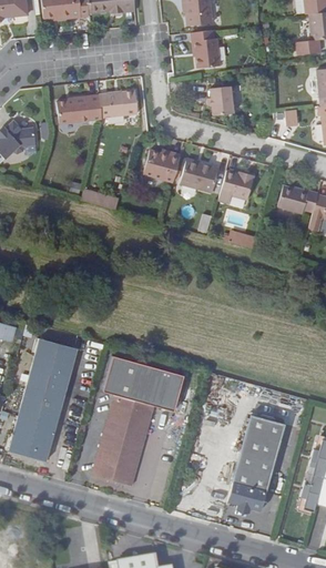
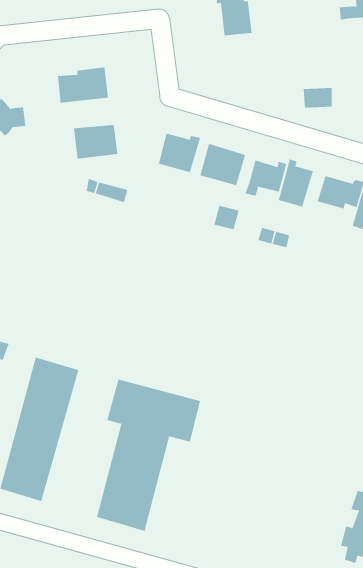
building: [211,83,234,113] -> none
building: [99,88,137,118] -> [73,124,118,159]
building: none -> [278,159,314,208]
building: [227,415,286,515] -> none

